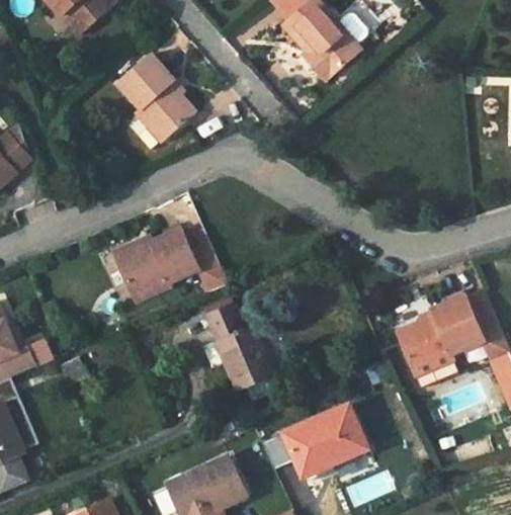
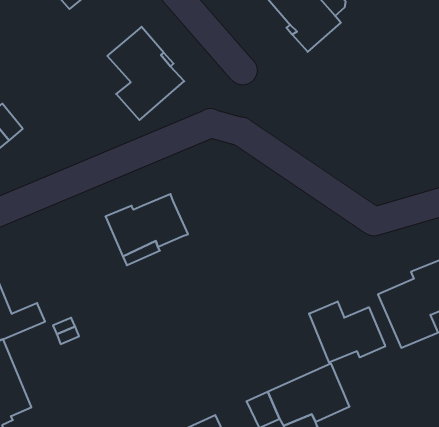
building: [184,227,228,292] -> none
building: [205,299,281,400] -> none
building: none -> [309,301,385,363]

